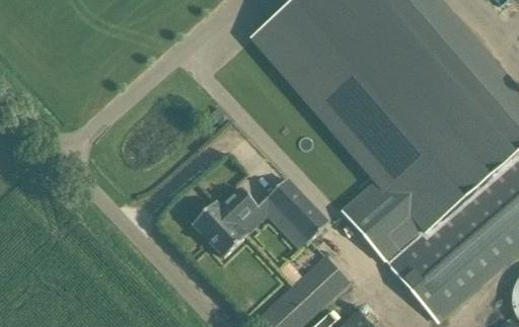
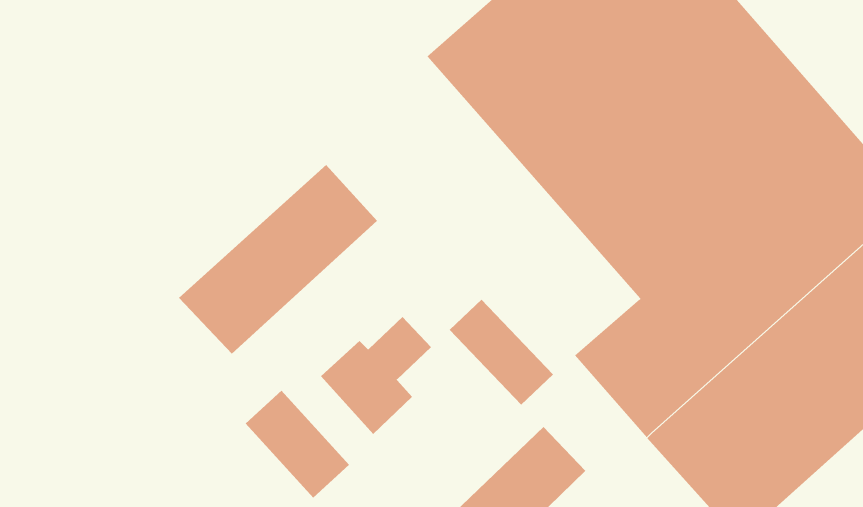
building: none -> [178,164,378,354]
building: none -> [245,390,350,498]

